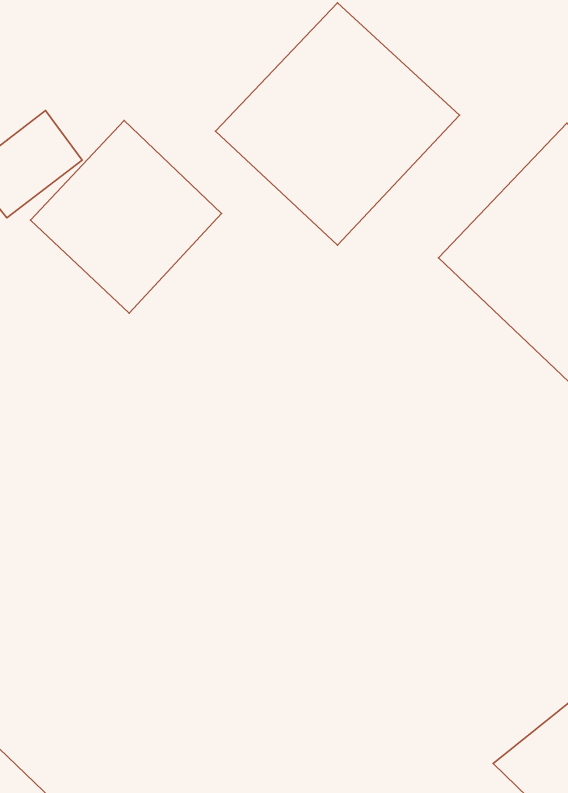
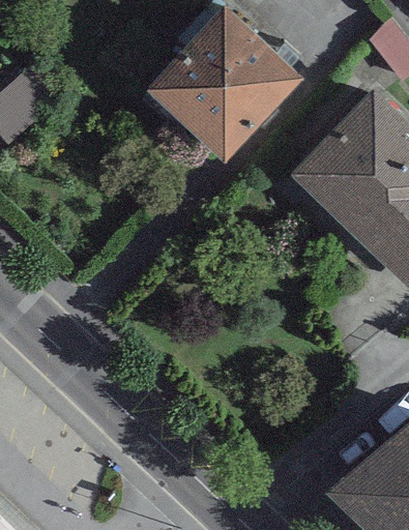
building: [30,121,221,313] -> none

